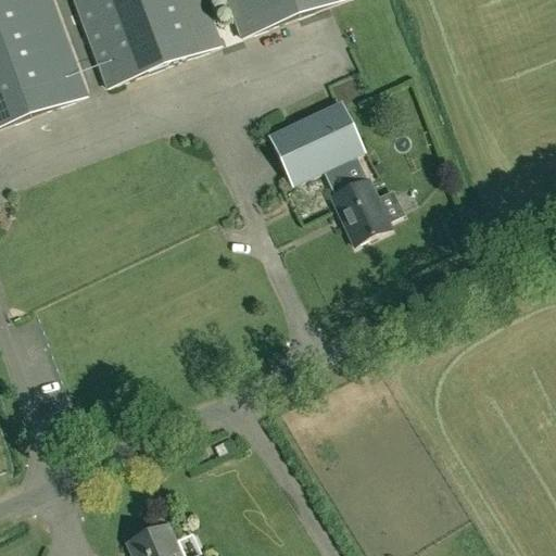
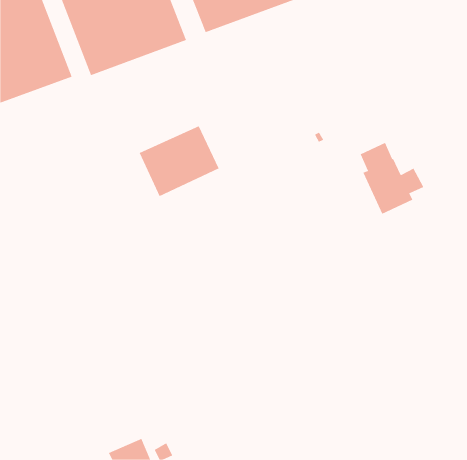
building: [266,94,362,179] -> [139,125,219,197]
building: [328,156,404,242] -> [360,142,424,215]

